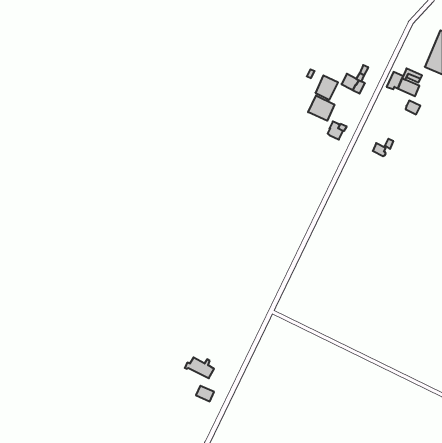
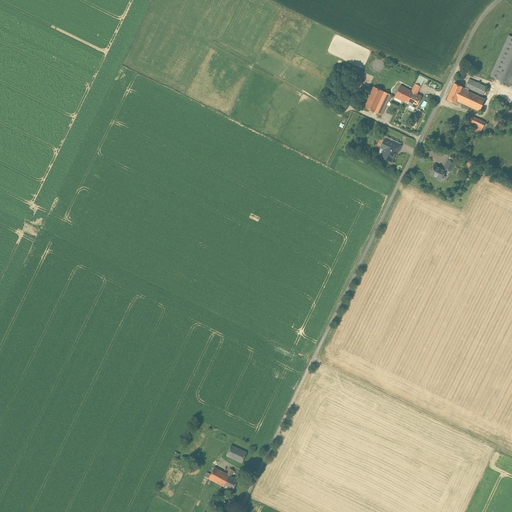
building: [308,95,334,121] -> none
building: [185,357,214,378] -> [205,467,239,491]

